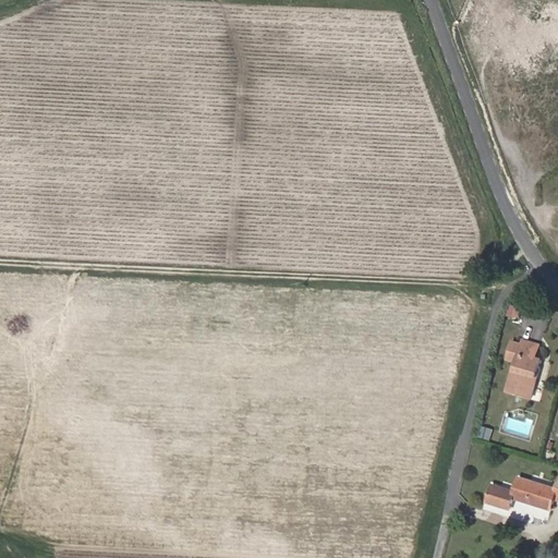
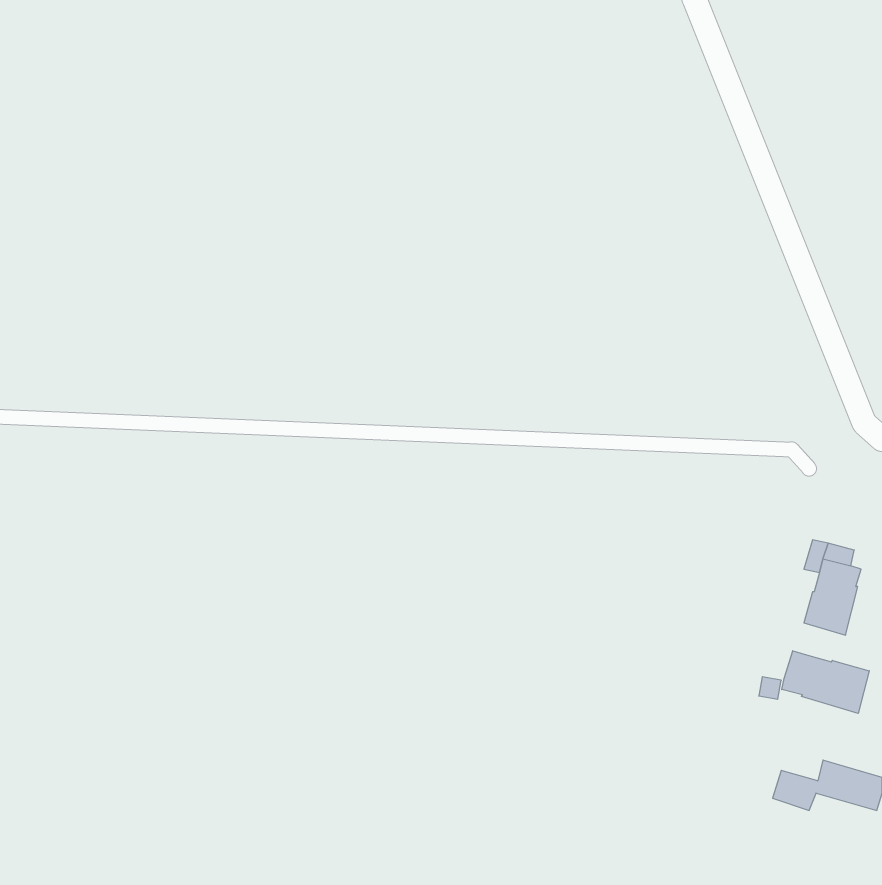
building: none -> [782,651,869,713]

